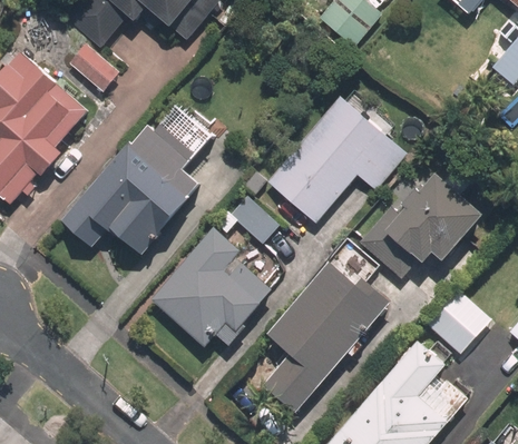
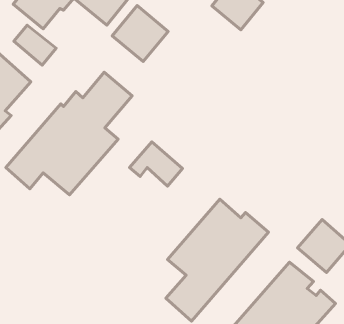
building: none -> [112,6,168,62]
building: [265,95,409,224] -> none
building: [358,174,479,280] -> none
building: [149,228,274,347] -> none

